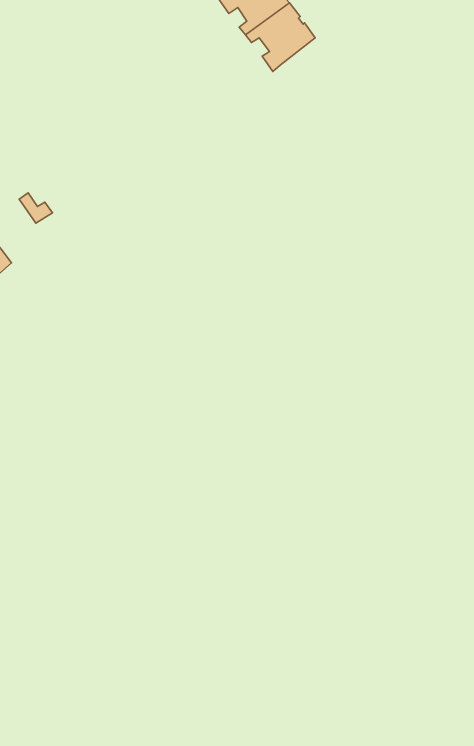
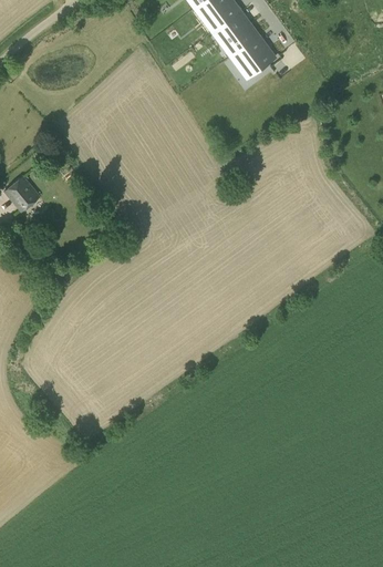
building: none -> [235,32,278,80]

